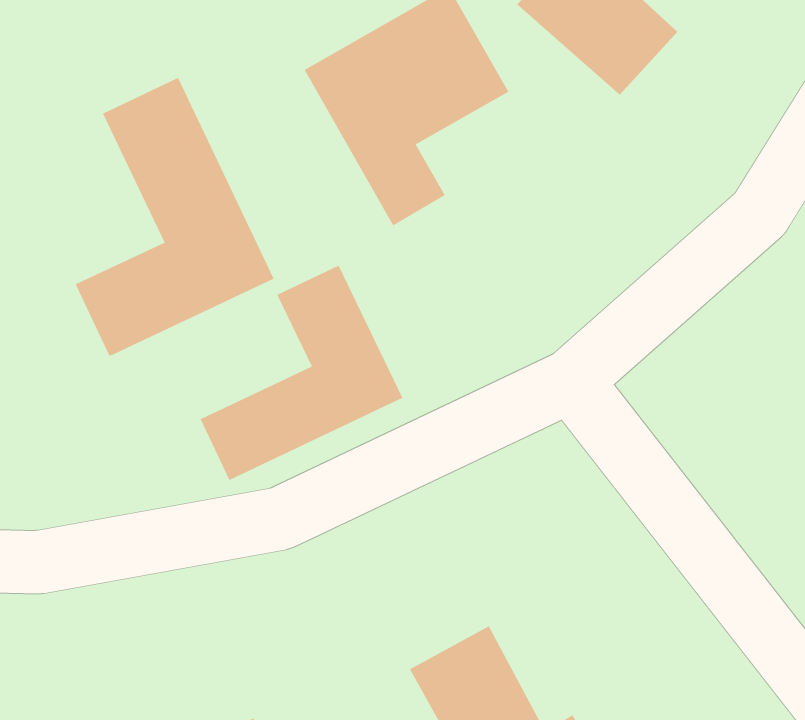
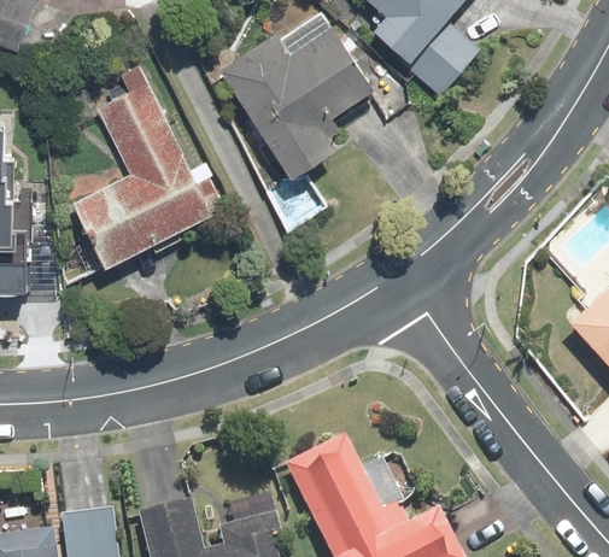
building: [200,265,403,481] -> none

